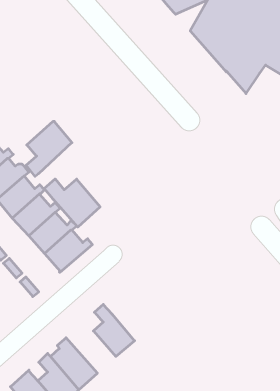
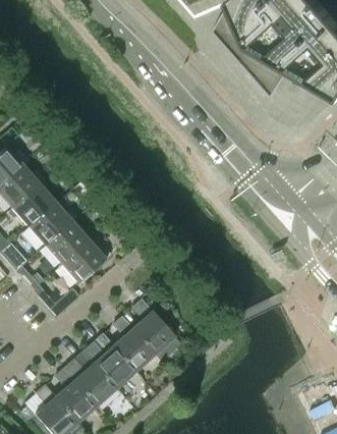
building: [26,121,72,176] -> none
building: [44,179,100,227] -> none
building: none -> [132,299,182,362]
building: none -> [88,334,136,388]

